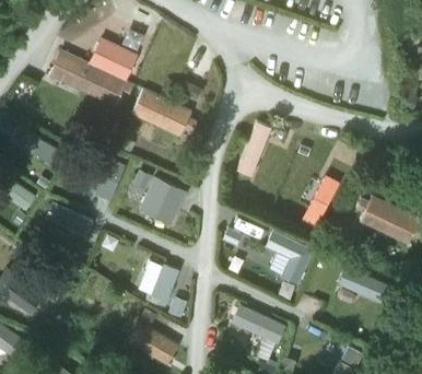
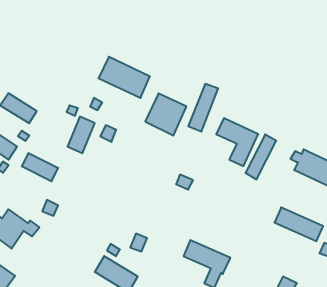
building: [50,38,136,106] -> none
building: [139,179,187,229] -> [145,93,186,136]
building: [263,232,313,288] -> [216,118,258,166]
building: [138,261,177,307] -> none

